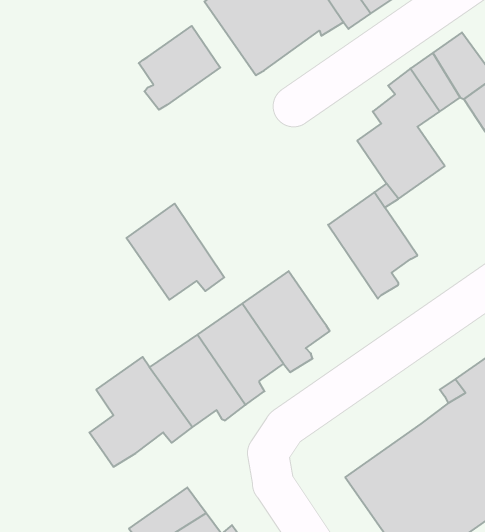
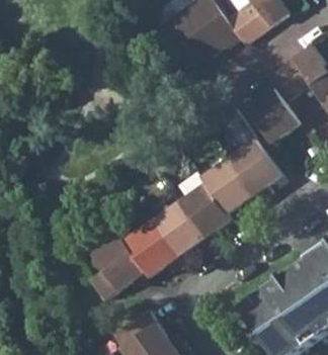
building: [139,26,220,110] -> none
building: [126,204,224,300] -> [199,159,257,215]

